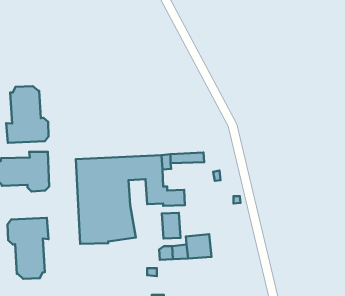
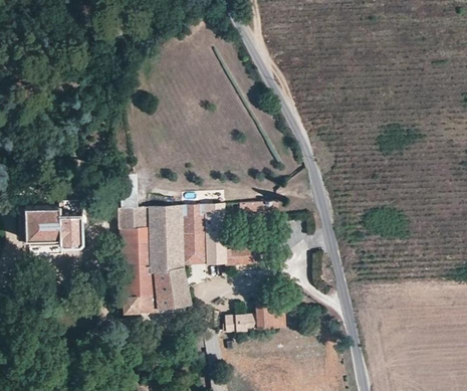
building: [6,86,49,143] -> none
building: [162,213,180,239] -> [183,233,206,265]
building: [8,218,49,279] -> none

